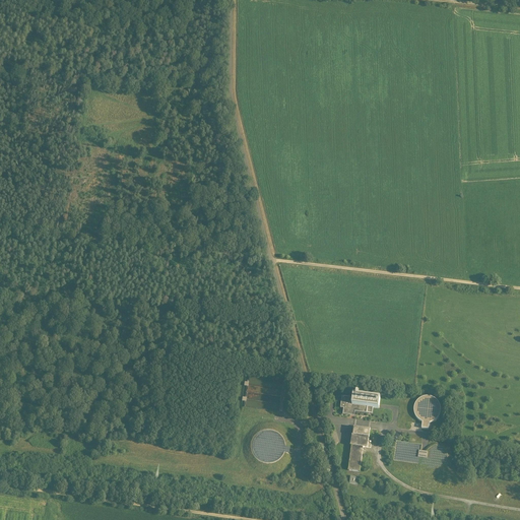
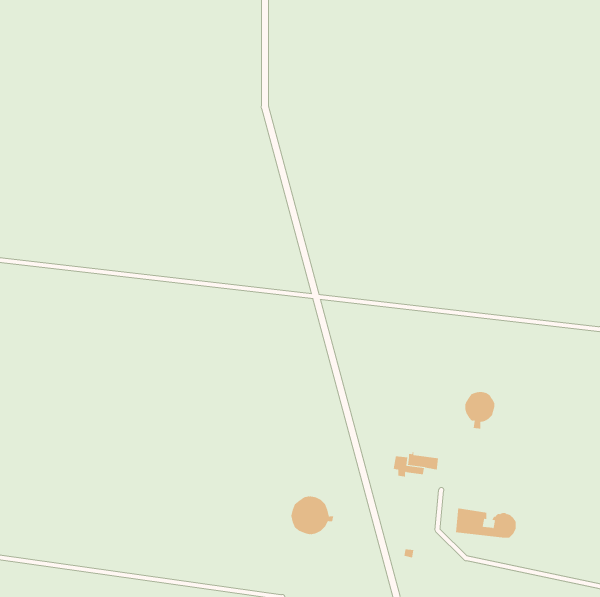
building: [413,394,440,427] -> [465,392,495,429]
building: [347,426,369,469] -> none

